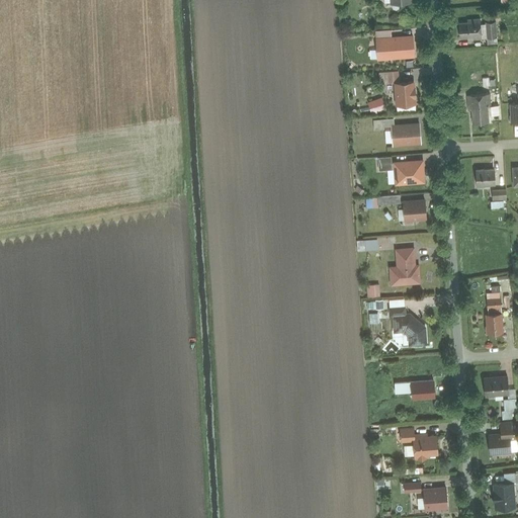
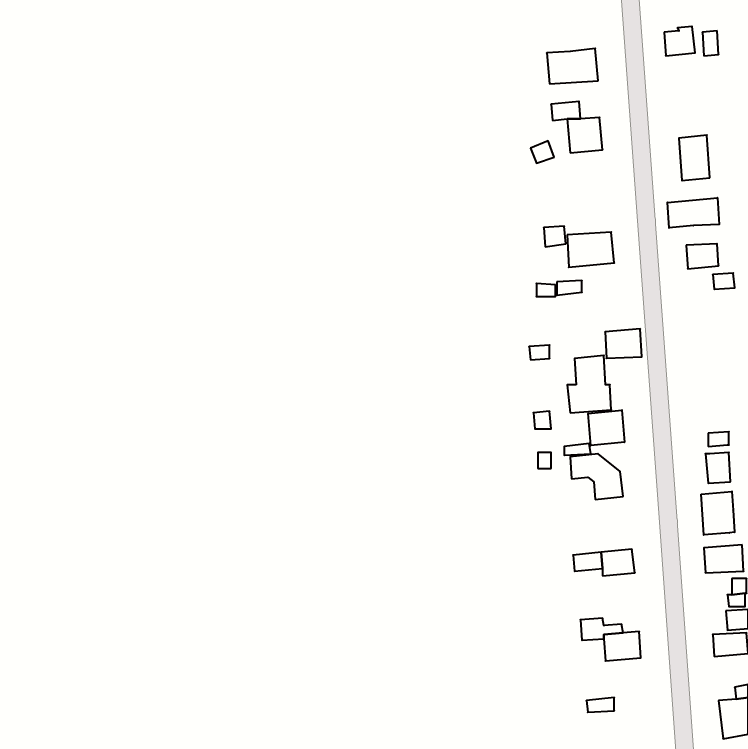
building: [388,123,419,145] -> none
building: none -> [667,198,719,228]
building: [404,199,429,220] -> [605,329,642,358]
building: none -> [588,410,624,446]
building: none -> [701,491,735,535]
building: [425,488,451,508] -> none

